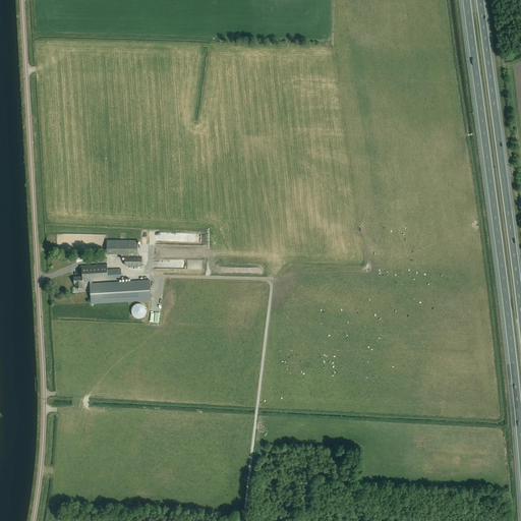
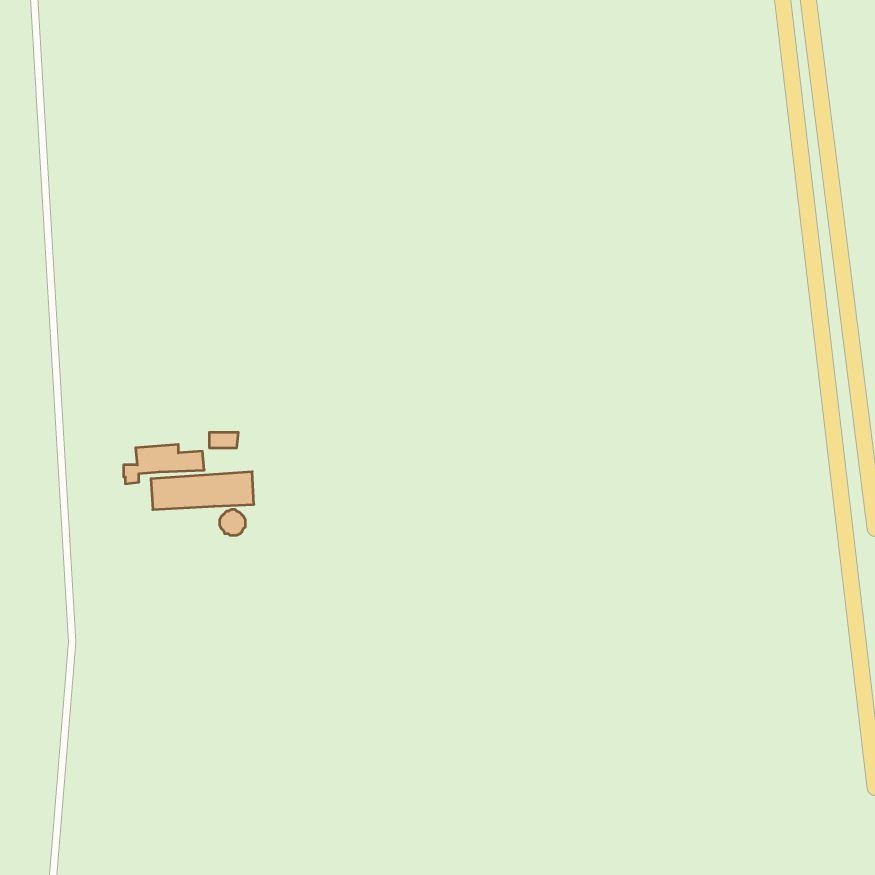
building: [106,238,137,253] -> none

